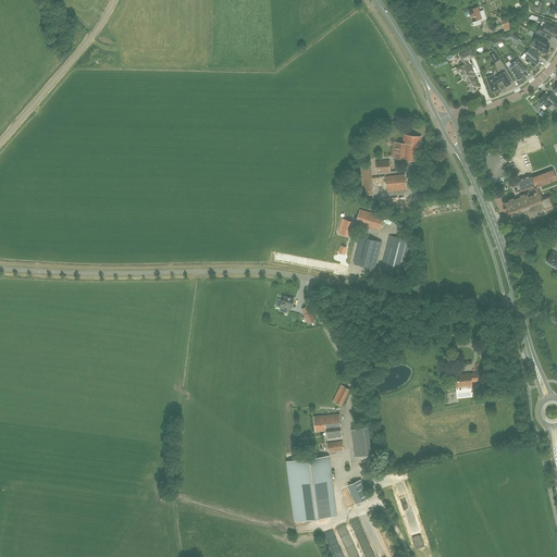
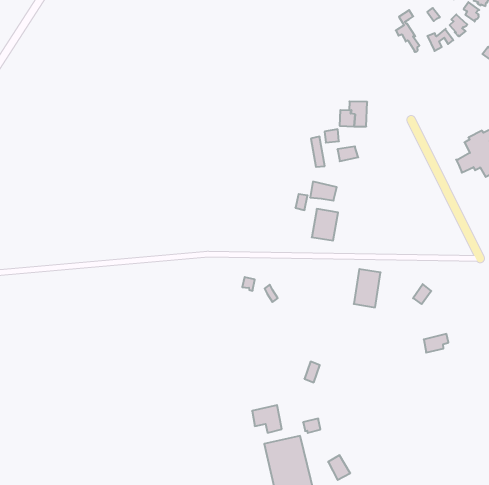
building: [382,235,411,274] -> [354,269,381,307]
building: [314,413,342,440] -> [252,405,282,433]
building: [349,426,370,455] -> none

